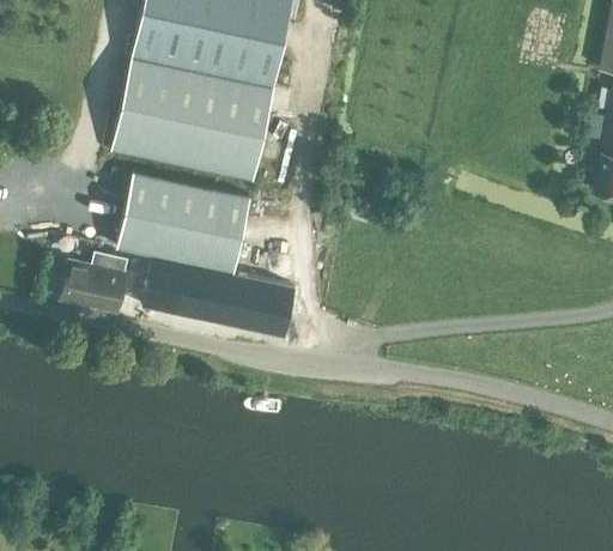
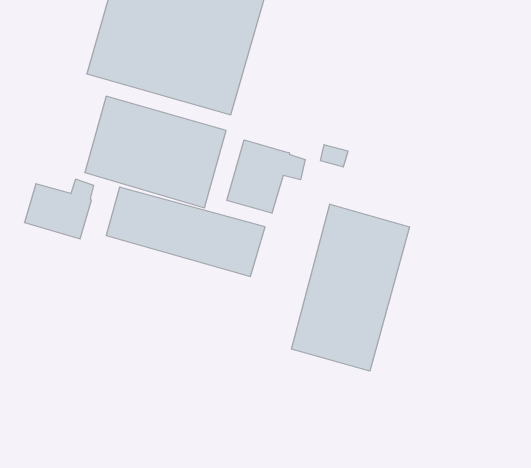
building: none -> [227,140,305,213]
building: none -> [291,204,409,371]

